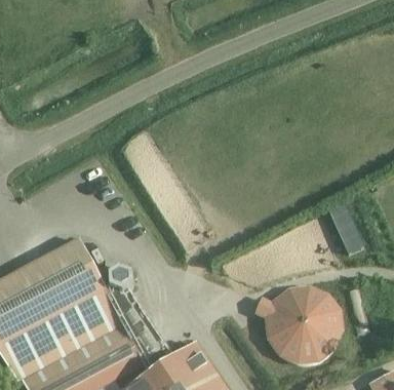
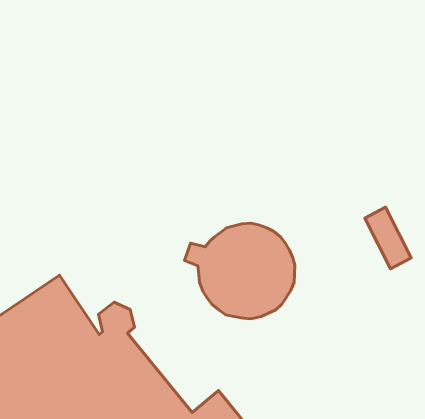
building: [254,287,342,363] -> [184,223,295,319]

